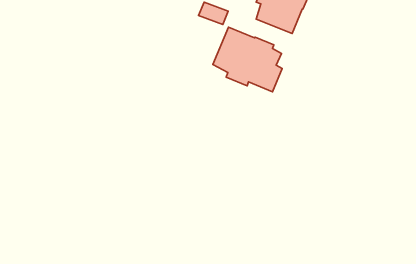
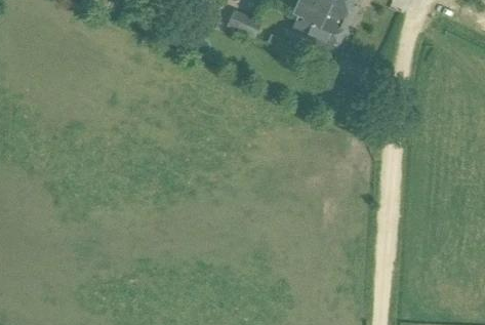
building: [213,27,282,92] -> none

